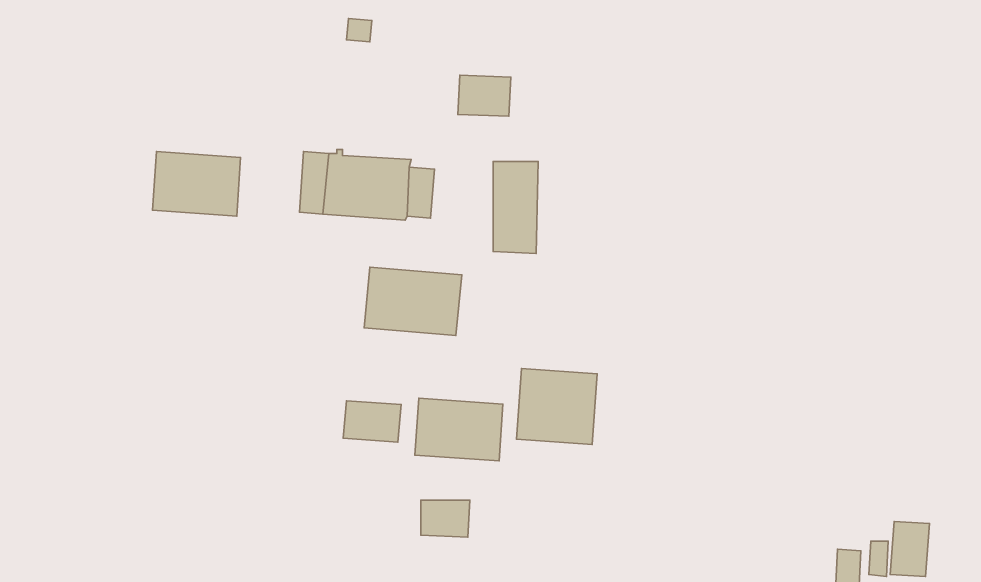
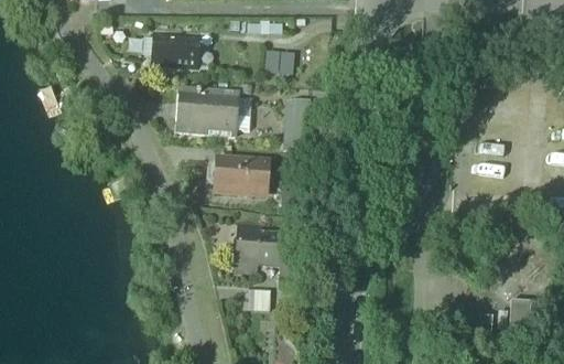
building: [153,152,241,216] -> [152,32,202,68]
building: [516,368,597,445] -> none
building: [343,401,401,442] -> none

